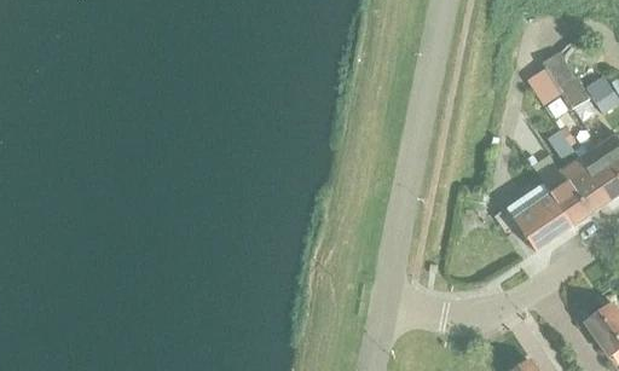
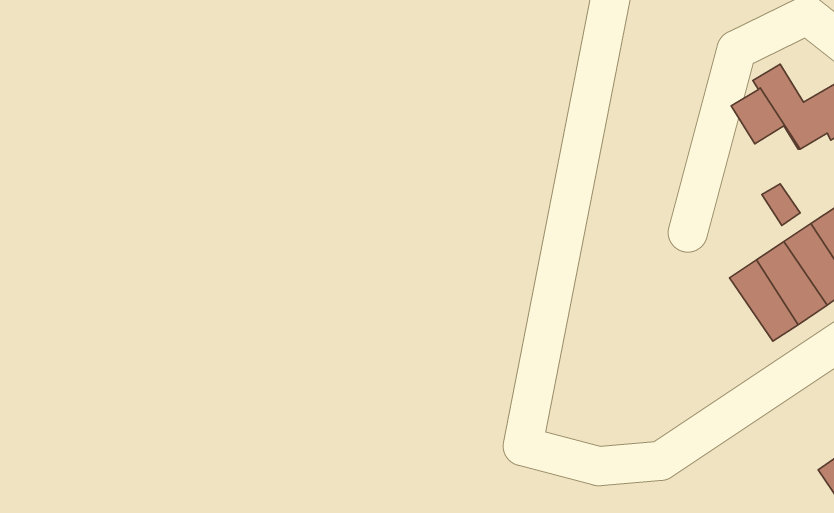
building: [508,193,555,248] -> none

